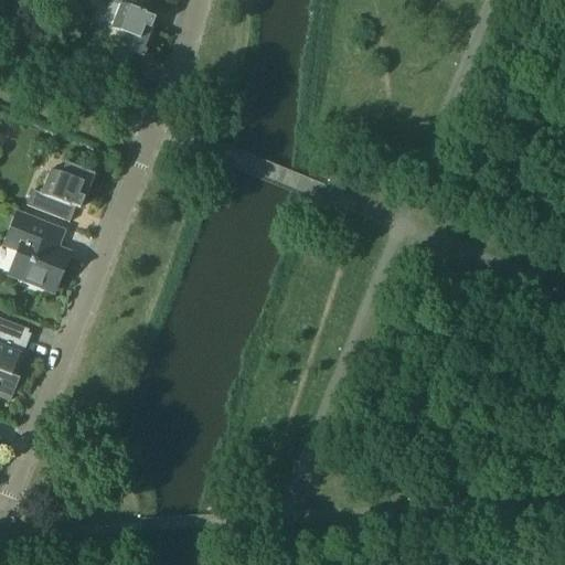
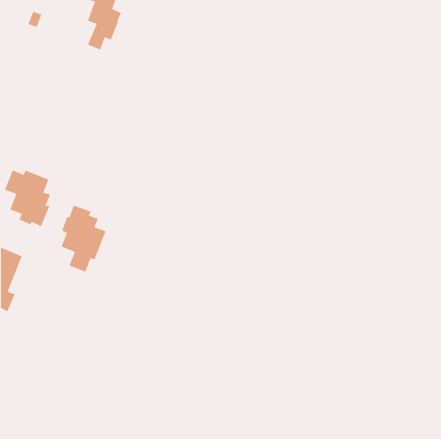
building: [26,161,95,221] -> none
building: none -> [61,205,106,272]

